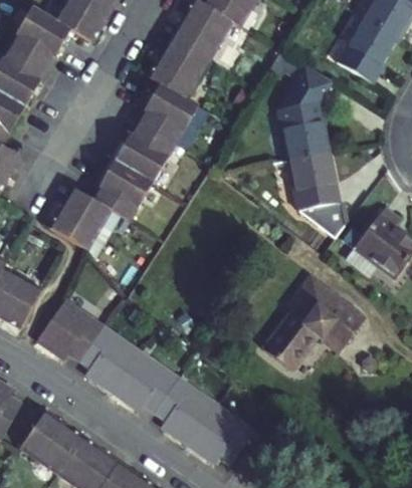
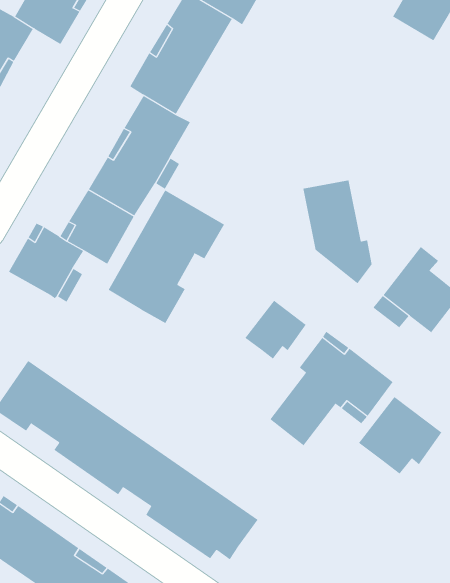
building: [338,19,398,83] -> none
building: [278,65,331,160] -> none
building: none -> [108,190,225,324]
building: none -> [244,300,307,359]
building: none -> [358,396,442,474]

